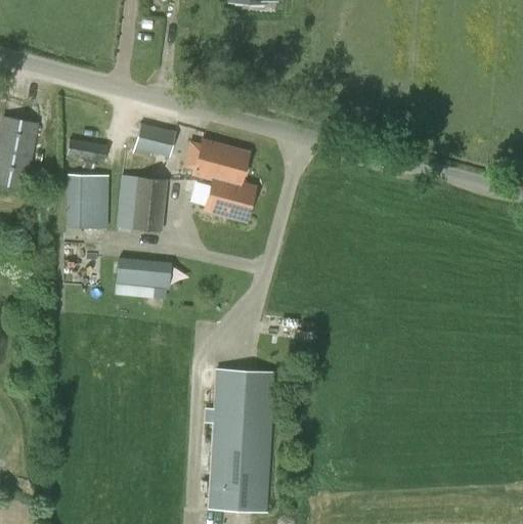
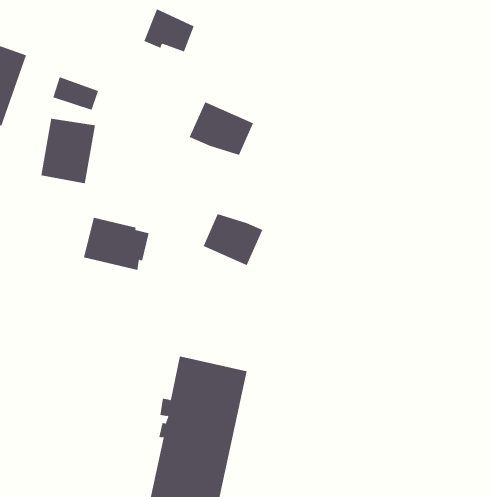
building: [132,122,175,157] -> [143,9,194,52]
building: [116,175,167,231] -> none
building: [204,178,255,220] -> [203,214,263,266]

